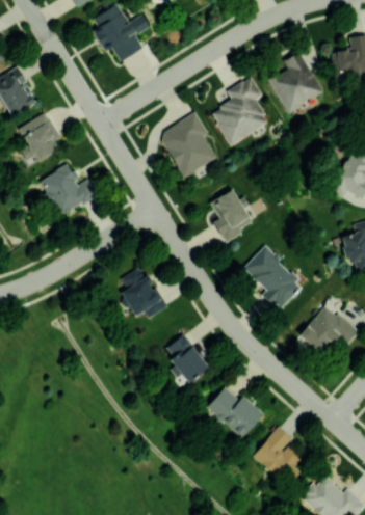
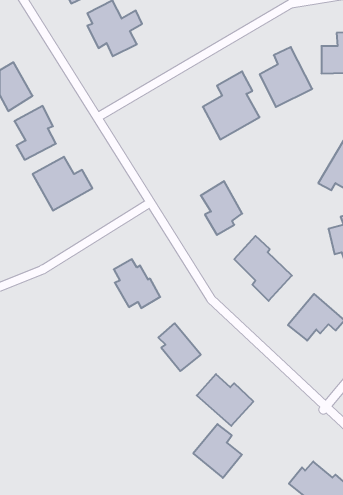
building: [158,113,219,178] -> none
building: [253,427,303,482] -> [193,424,242,478]

